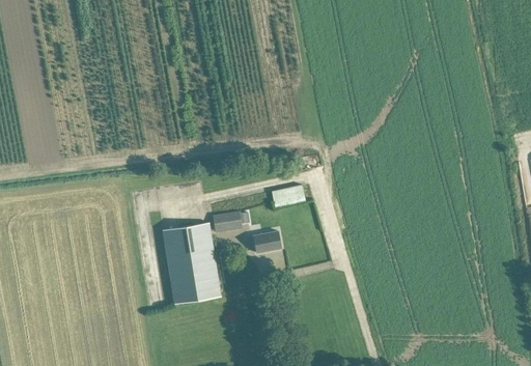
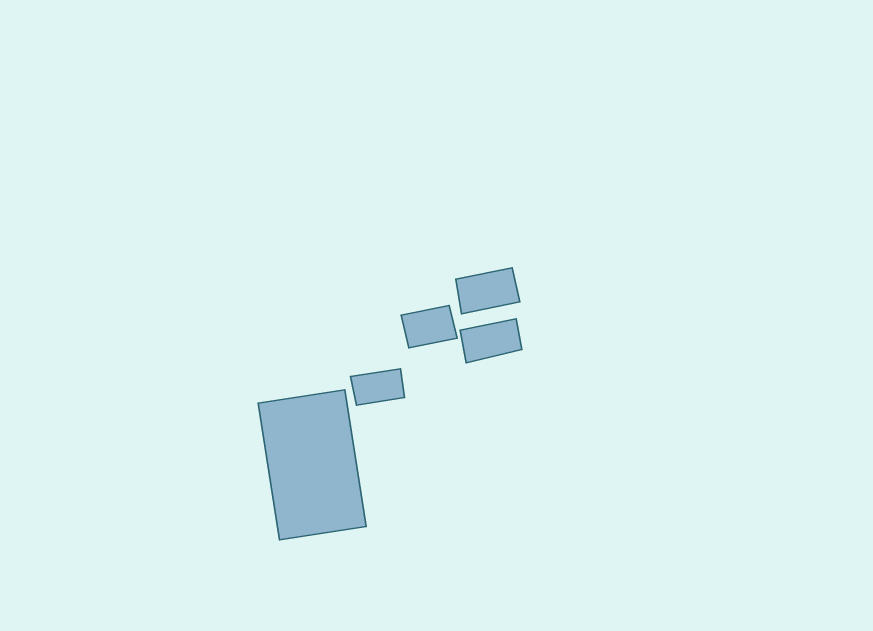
building: none -> [456,268,520,314]
building: [252,230,282,253] -> [401,306,457,348]

